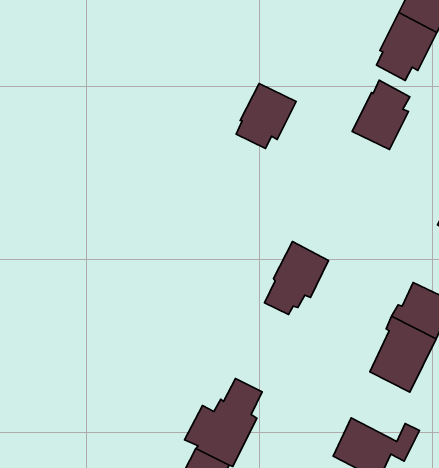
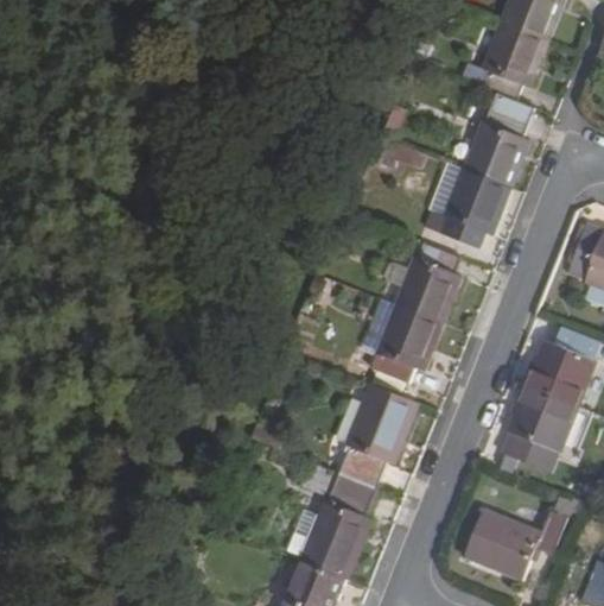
building: [236,83,296,148] -> [434,166,503,244]
building: none -> [396,241,460,323]
building: none -> [342,385,417,487]

